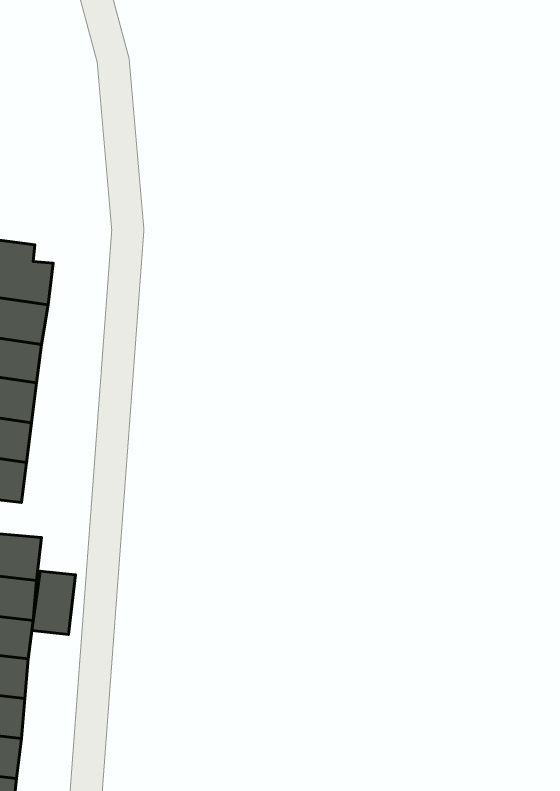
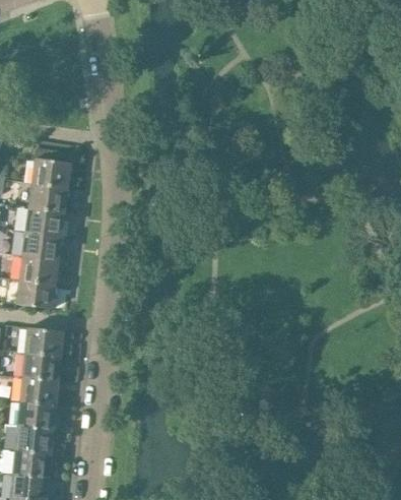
building: [32,571,75,635] -> none

